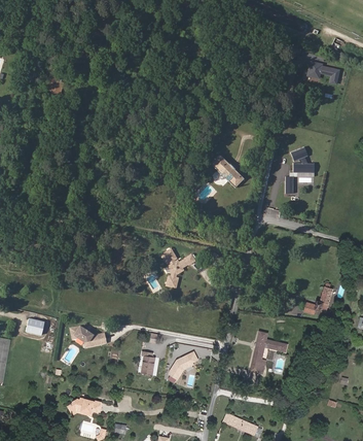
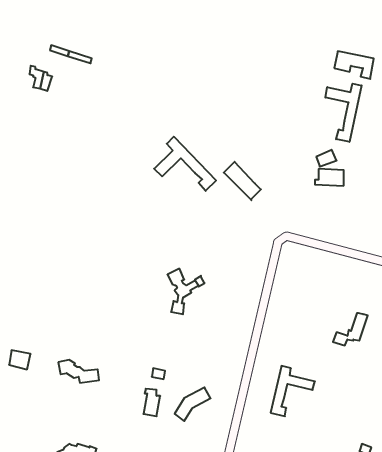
building: none -> [325,84,362,142]
building: none -> [154,137,216,191]

